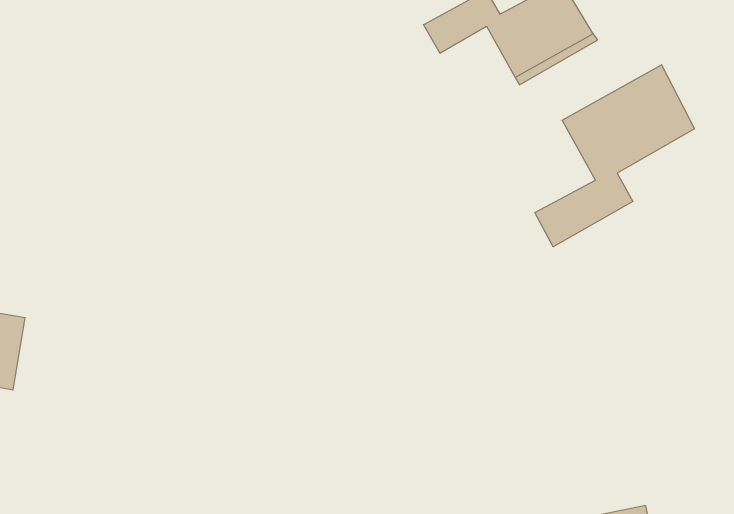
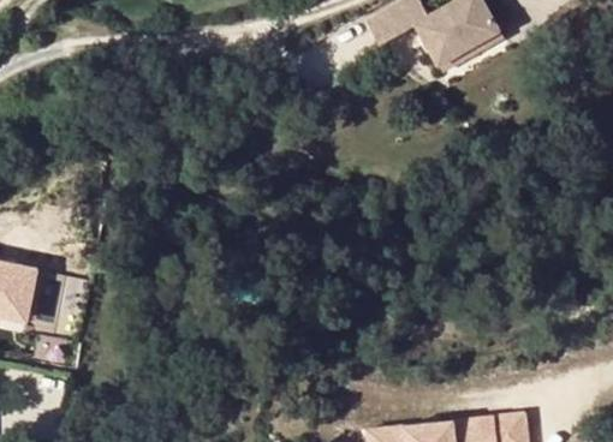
building: [535,65,694,247] -> none

